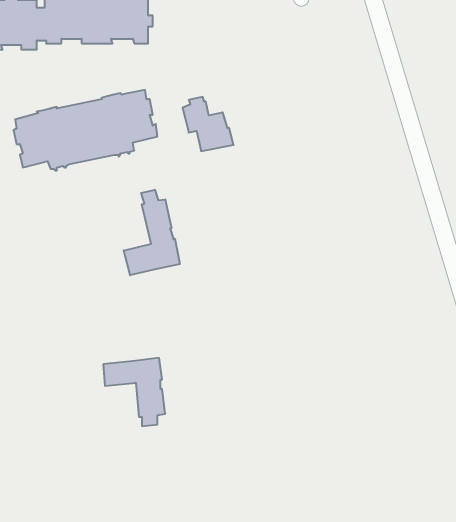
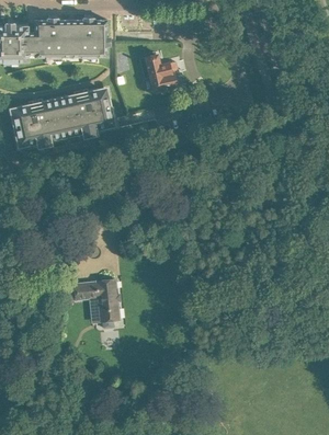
building: [183,97,234,151] -> [139,51,175,90]
building: [124,190,180,275] -> none

